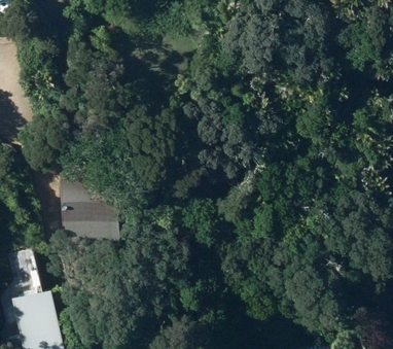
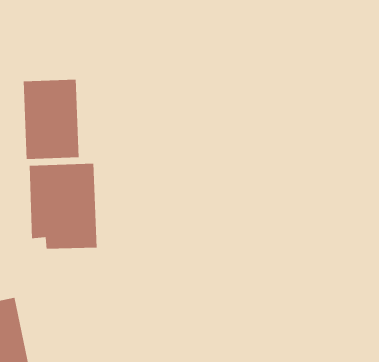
building: none -> [23,79,79,160]

